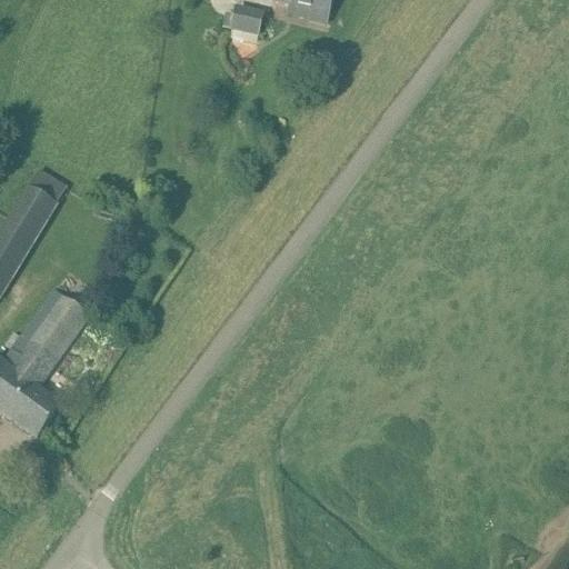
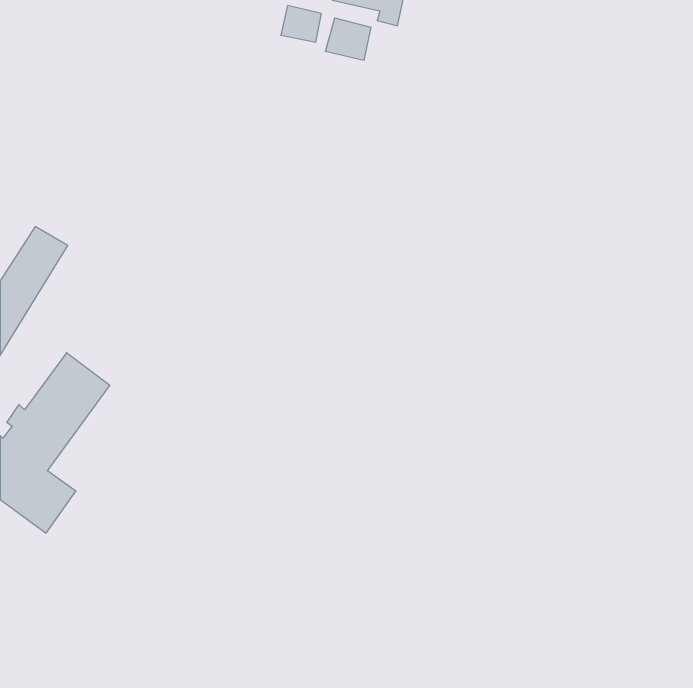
building: none -> [326,18,371,60]
building: [29,168,66,201] -> none

